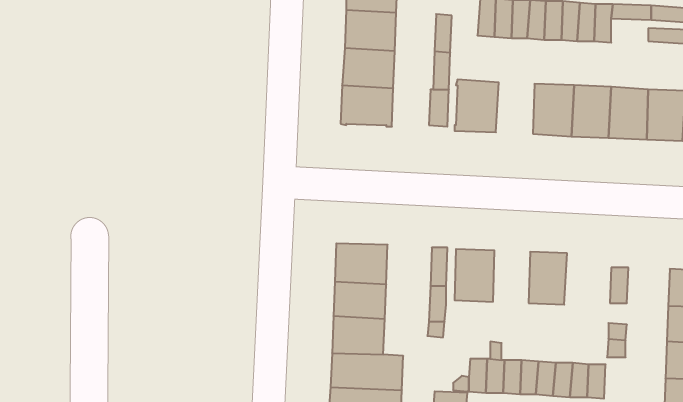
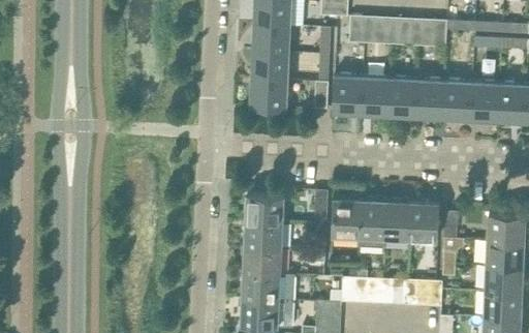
building: none -> [362,78,390,115]
building: none -> [360,200,386,238]
building: none -> [411,202,439,240]

